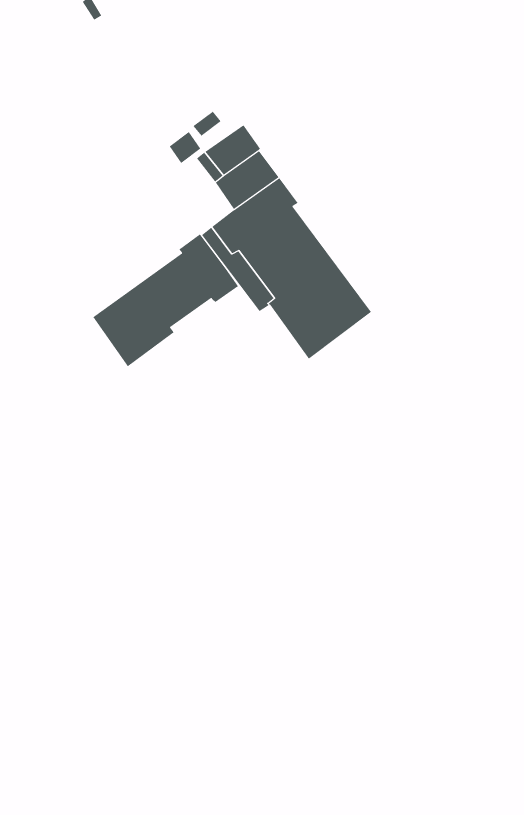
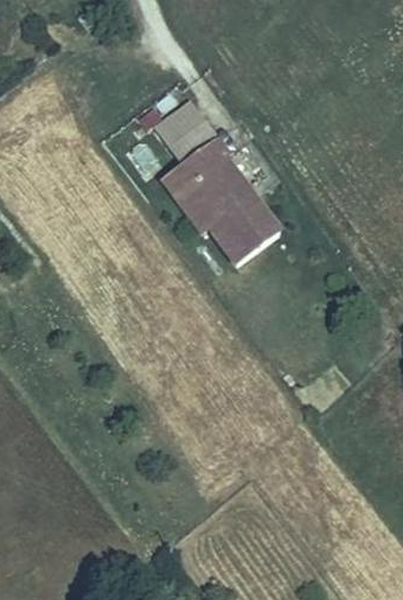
building: [92,234,239,367] -> none

